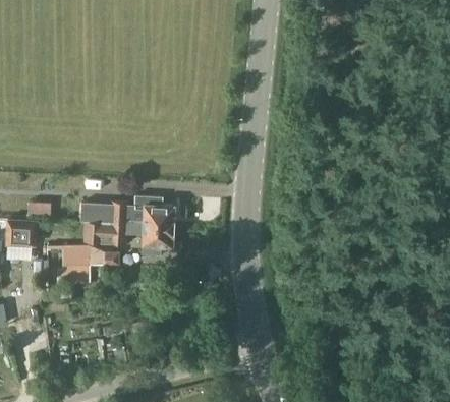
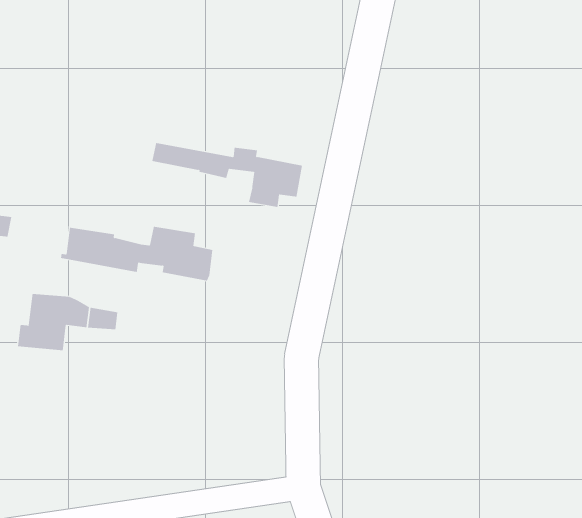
building: [78,220,174,254] -> [151,142,303,208]

